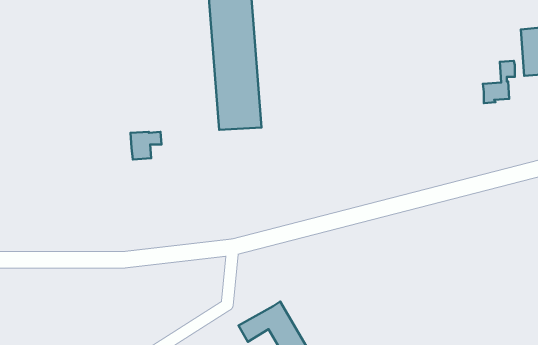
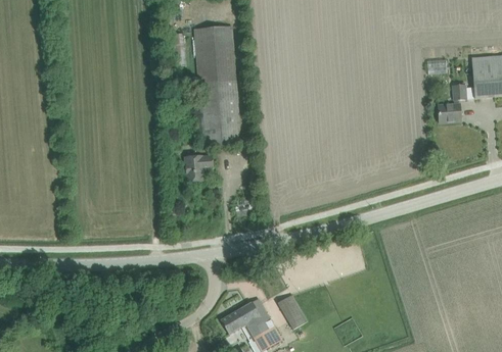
building: [130,132,162,159] -> [185,156,213,181]
building: none -> [278,294,308,329]

